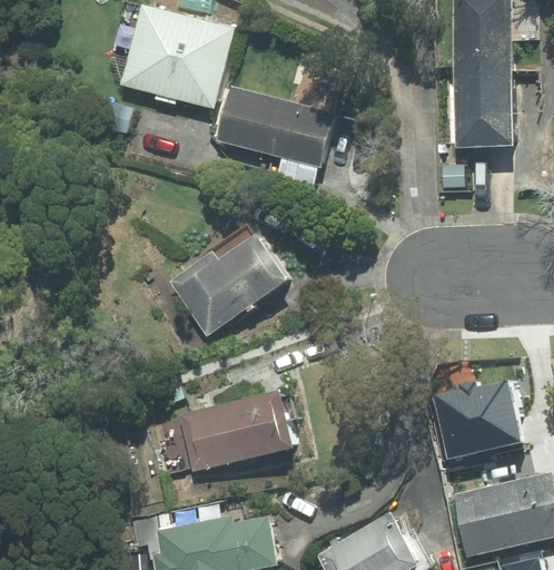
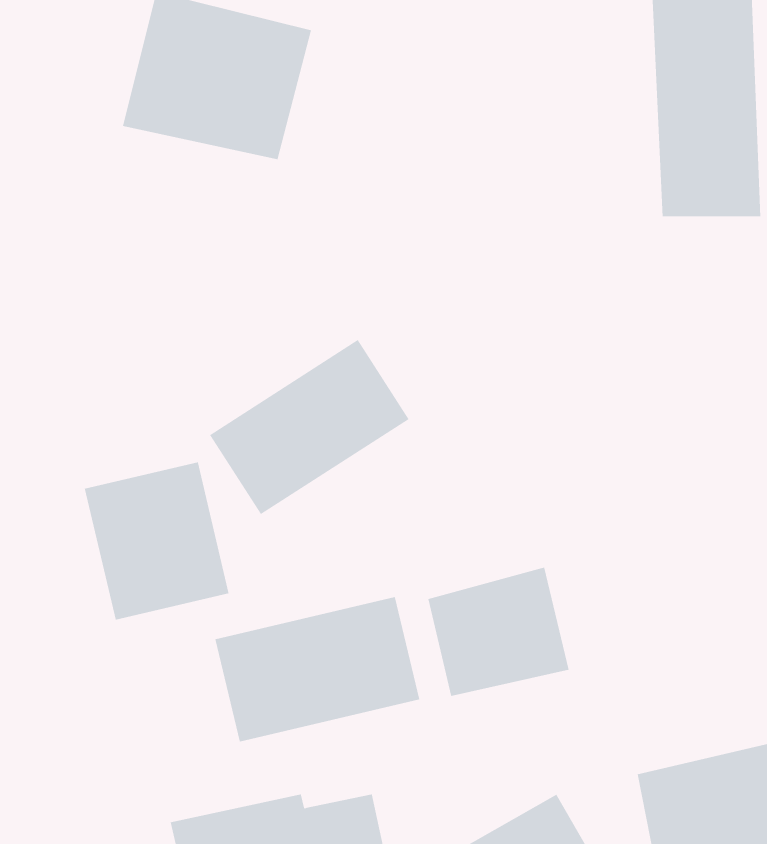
building: [215,86,345,173] -> none
building: none -> [84,462,229,621]
building: [423,381,512,462] -> [428,567,570,696]

